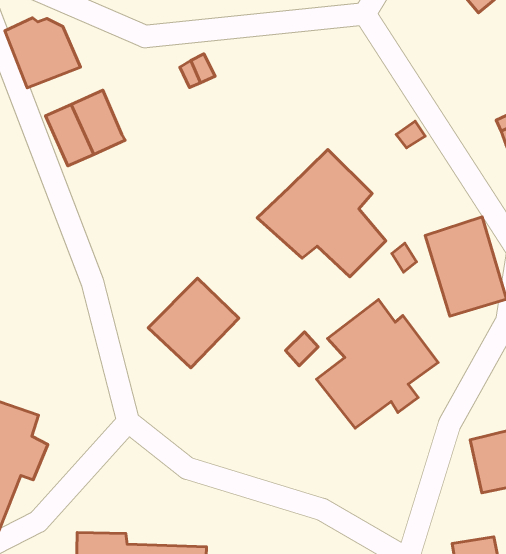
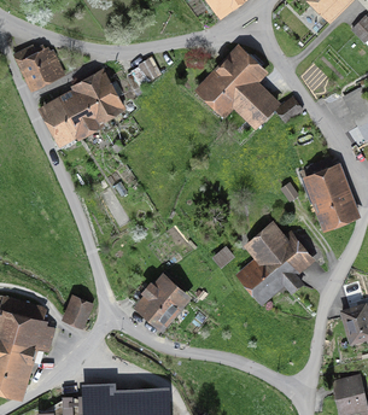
building: none -> [78,71,123,118]
building: [257,149,386,277] -> [192,43,279,128]
building: [148,278,239,368] -> [129,273,189,333]
building: none -> [62,296,95,331]

